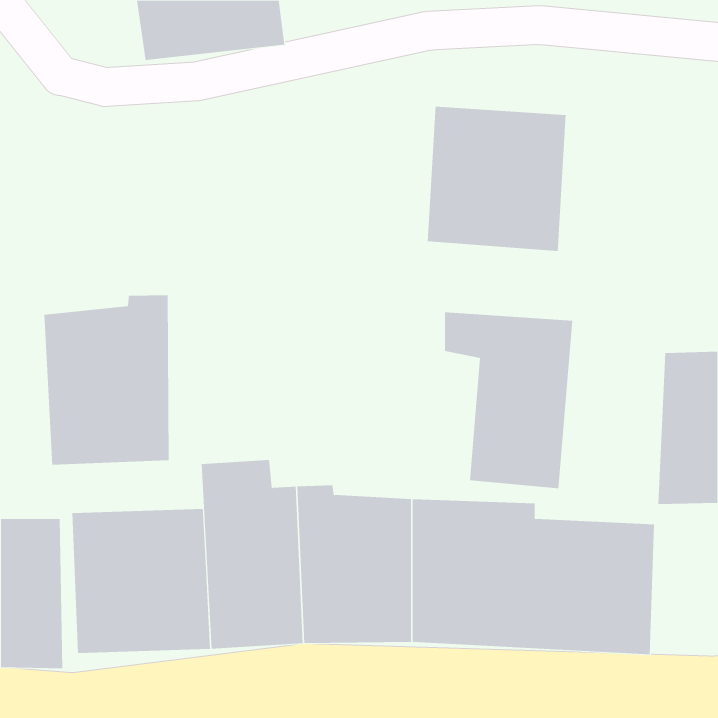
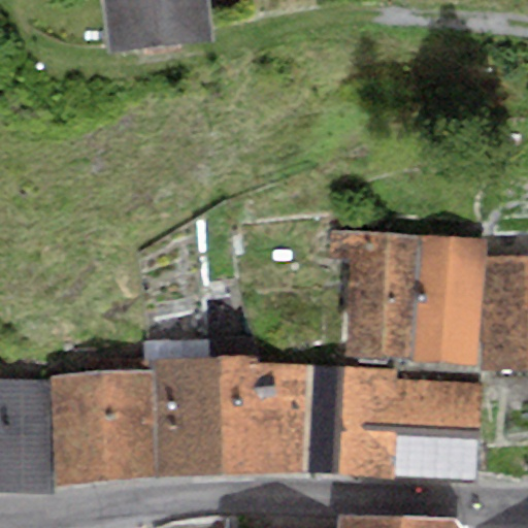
building: [427,106,566,252] -> none
building: [44,294,169,465] -> none
building: none -> [410,235,485,364]

